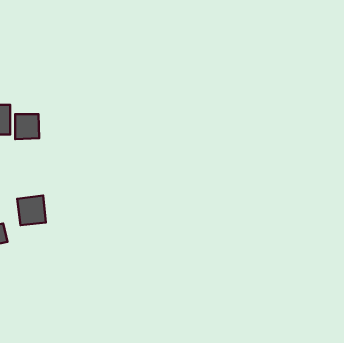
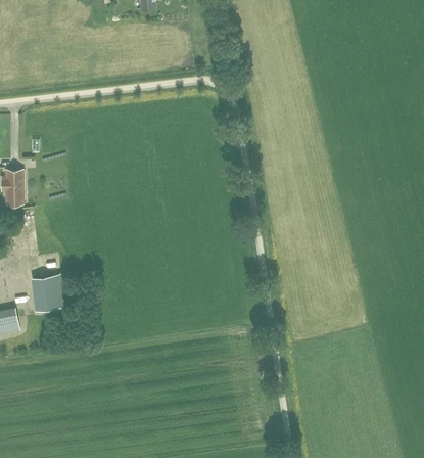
building: [15,114,39,139] -> none

